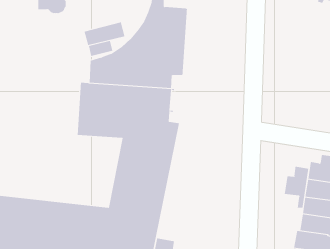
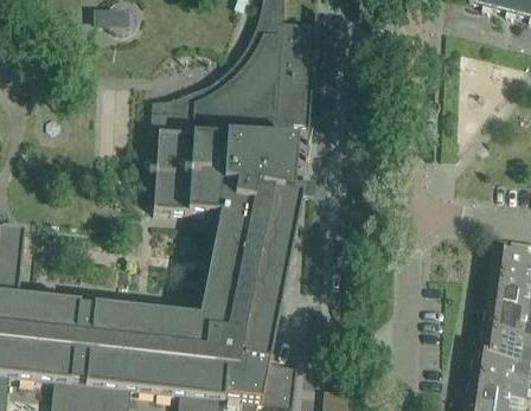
building: [84,22,125,46] -> none
building: [284,166,309,208] -> none

